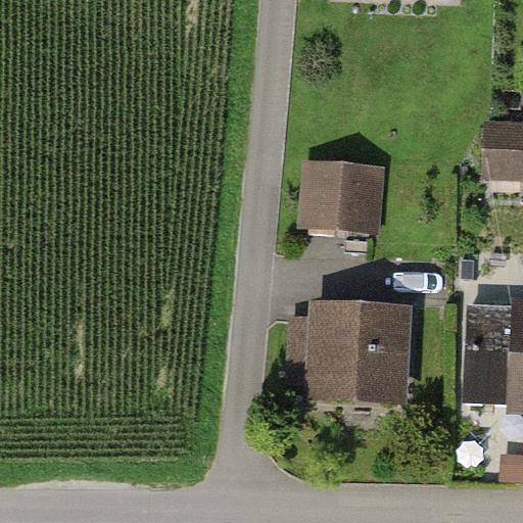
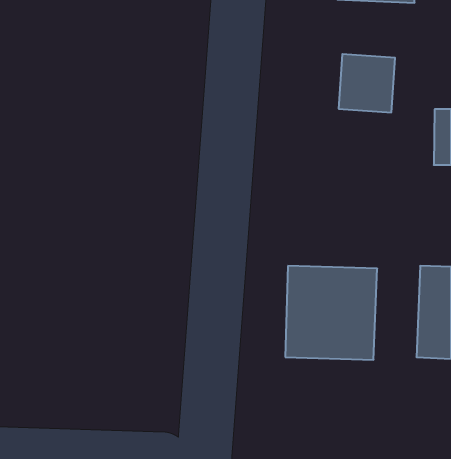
building: [320,167,383,232] -> [339,54,395,112]

